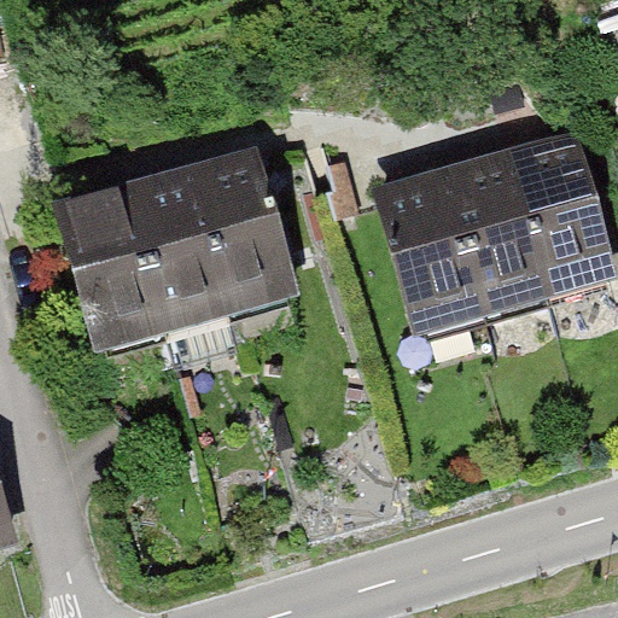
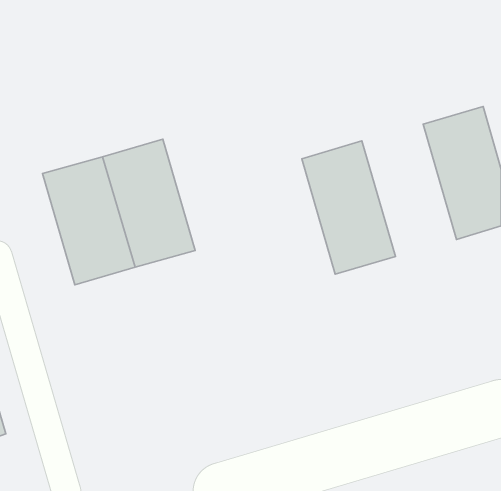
building: [199,148,313,307] -> none
building: [443,152,559,314] -> none

